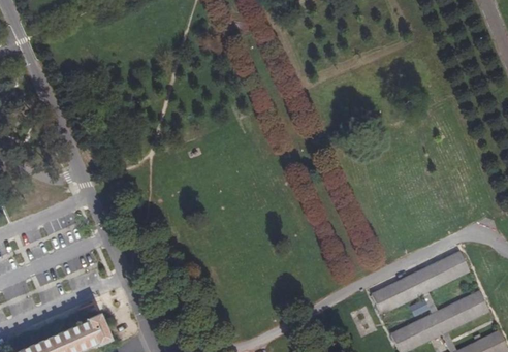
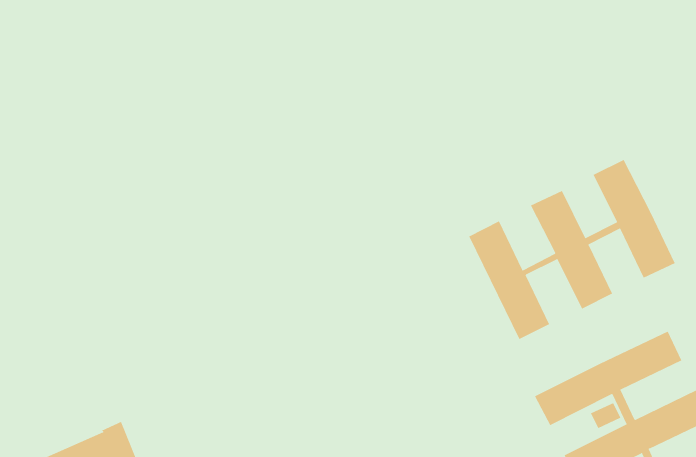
building: none -> [468,159,676,340]

